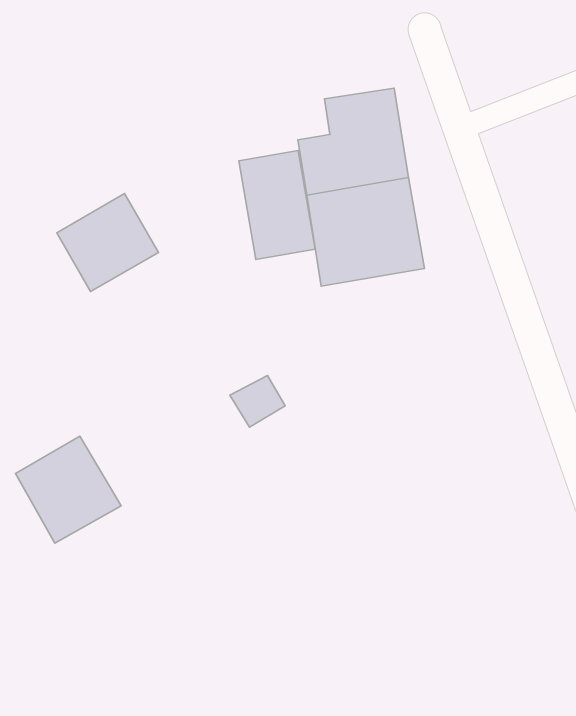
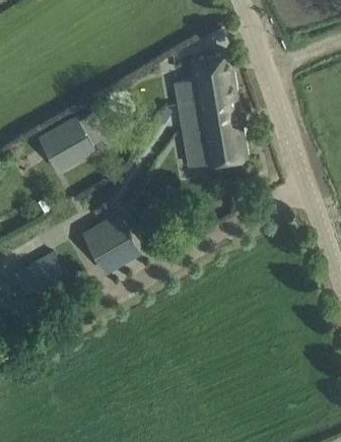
building: [239,151,315,260] -> none
building: none -> [82,215,139,272]

